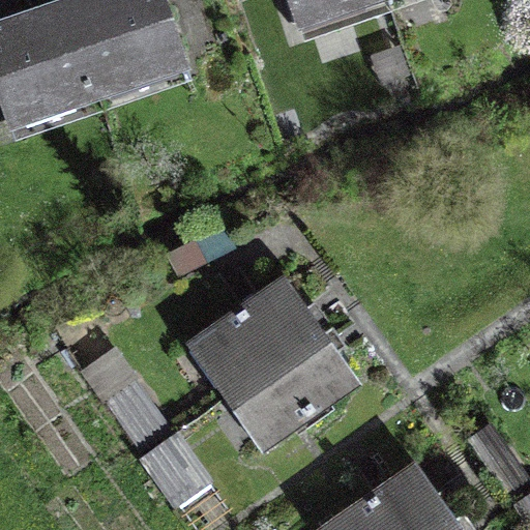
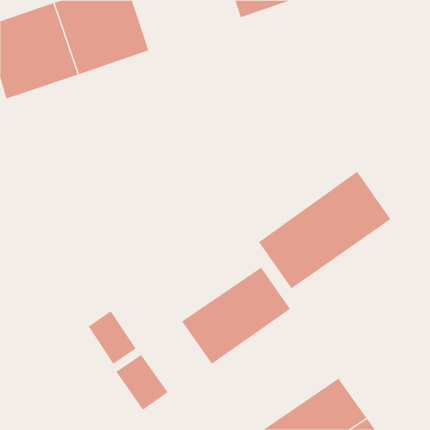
building: none -> [258,171,391,289]
building: [188,277,321,395] -> none

